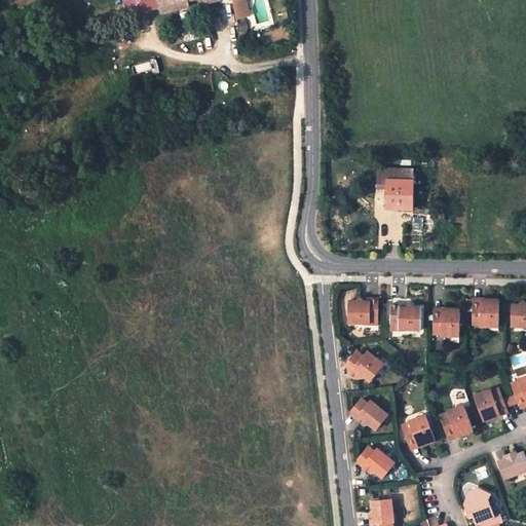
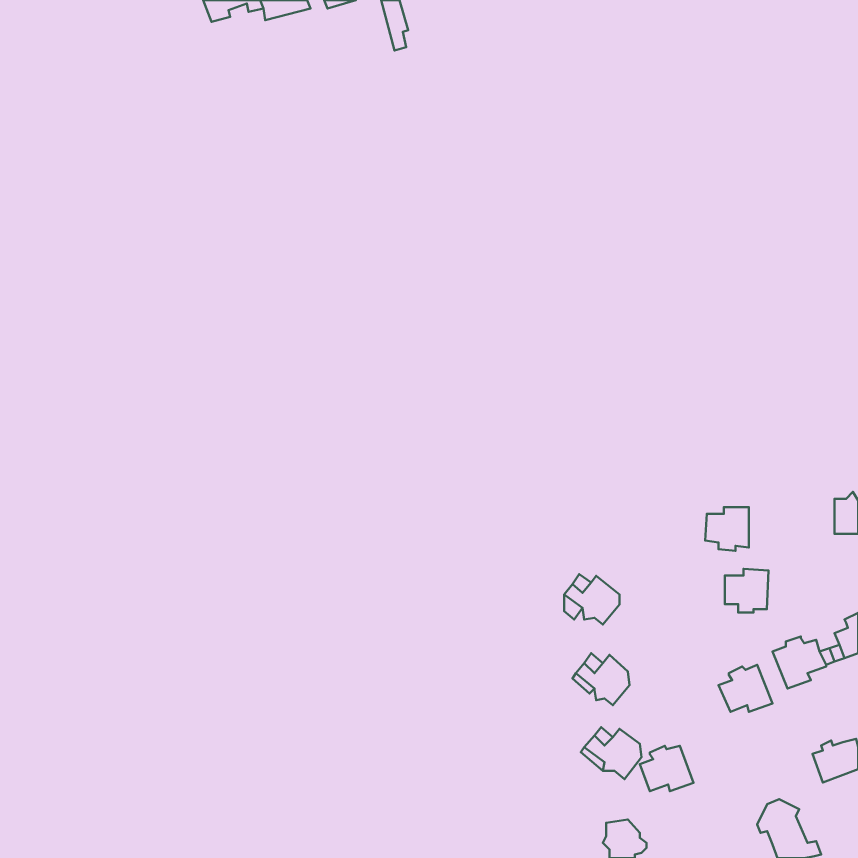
building: [380,172,415,211] -> none
building: [346,299,377,326] -> none
building: [471,300,497,327] -> [725,569,769,612]
building: [389,303,419,330] -> none
building: [401,418,434,446] -> [640,746,693,791]

